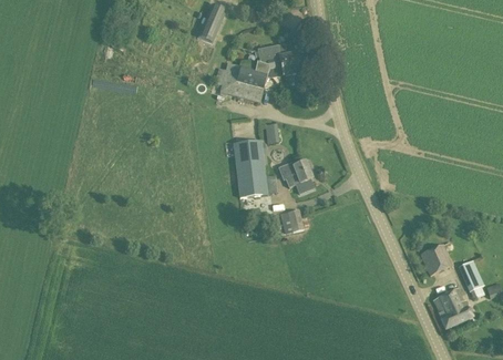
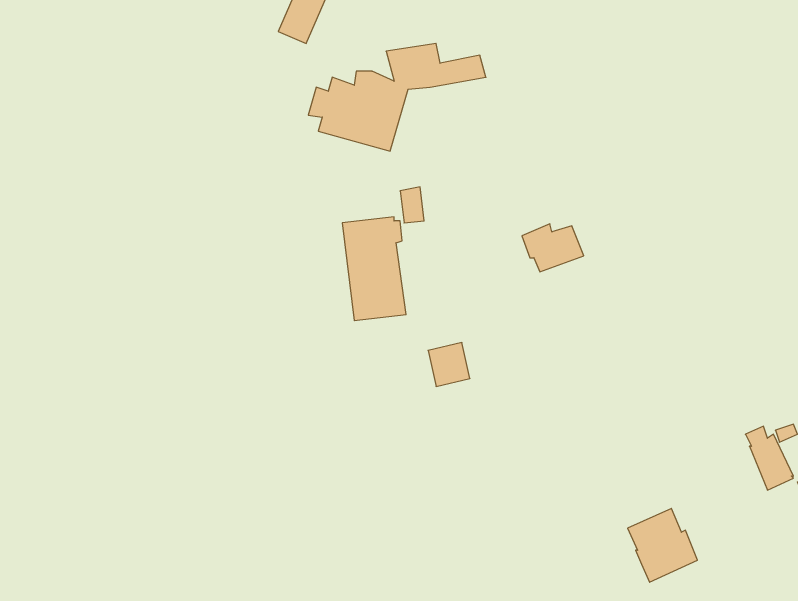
building: [278,161,312,187] -> [522,224,584,272]
building: [420,244,453,276] -> none
building: [433,288,472,329] -> [628,508,697,582]

